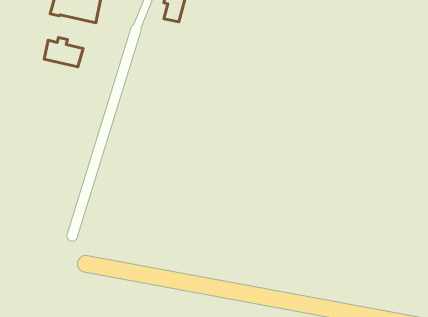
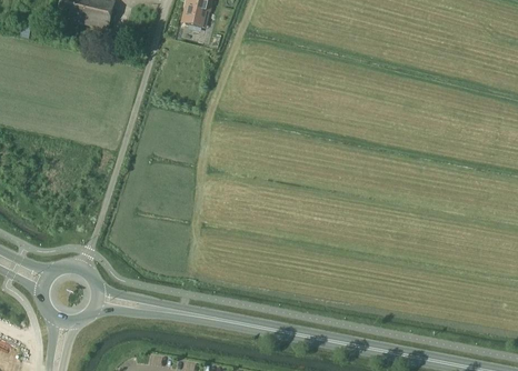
building: [44,37,83,67] -> none

